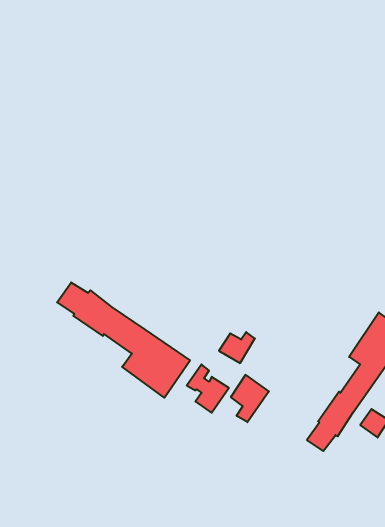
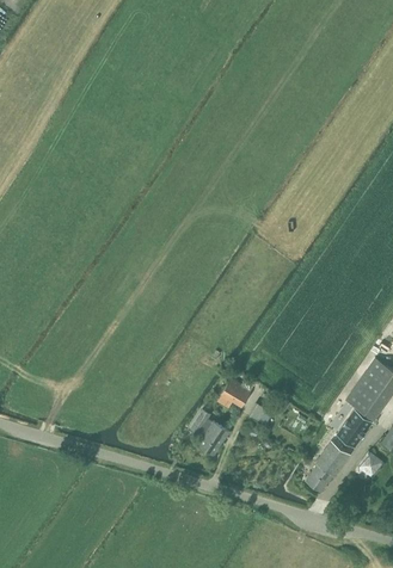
building: [57,282,190,398] -> none
building: [231,375,269,422] -> none

